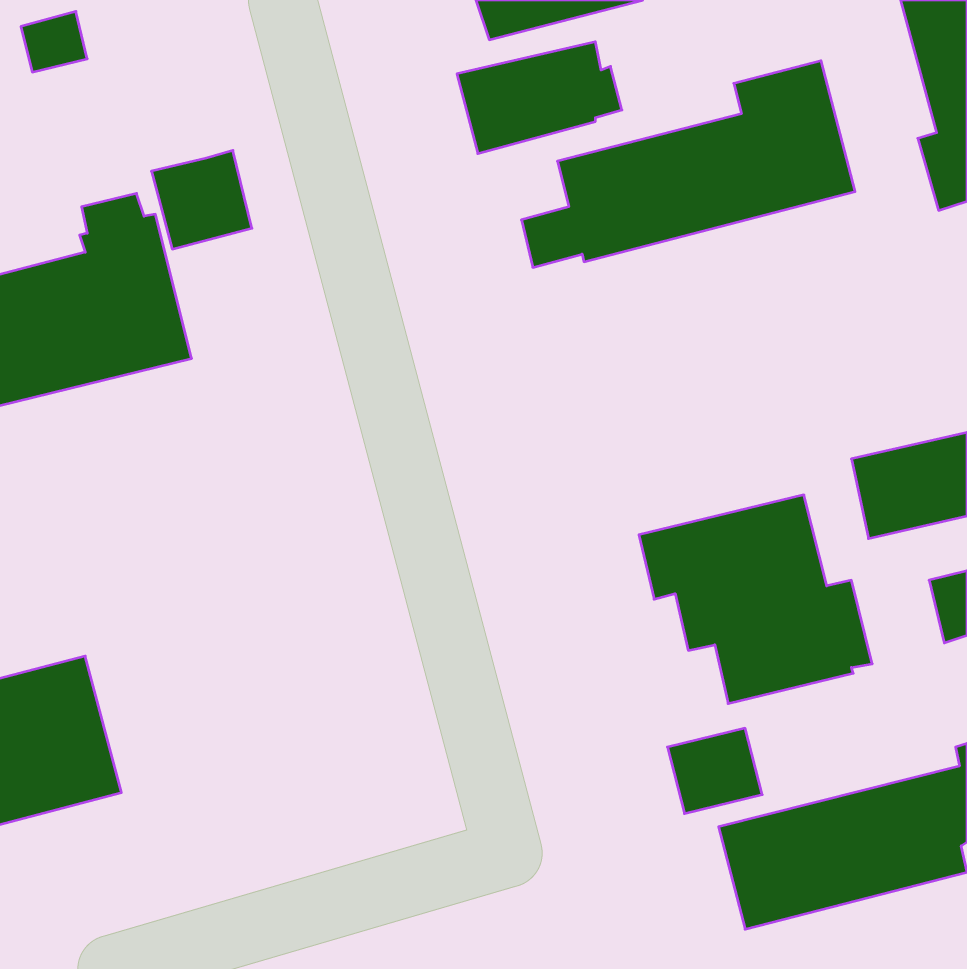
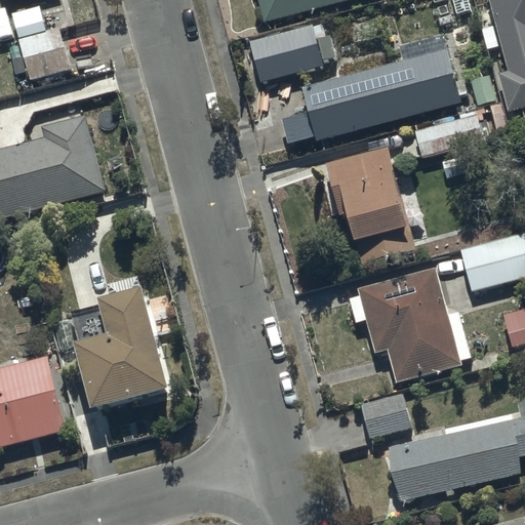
building: [151,150,252,249] -> [17,28,72,81]
building: none -> [324,146,417,268]
building: none -> [76,285,172,411]

